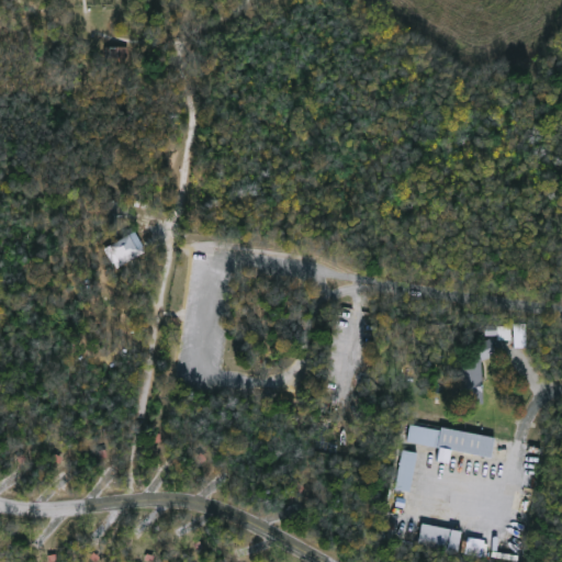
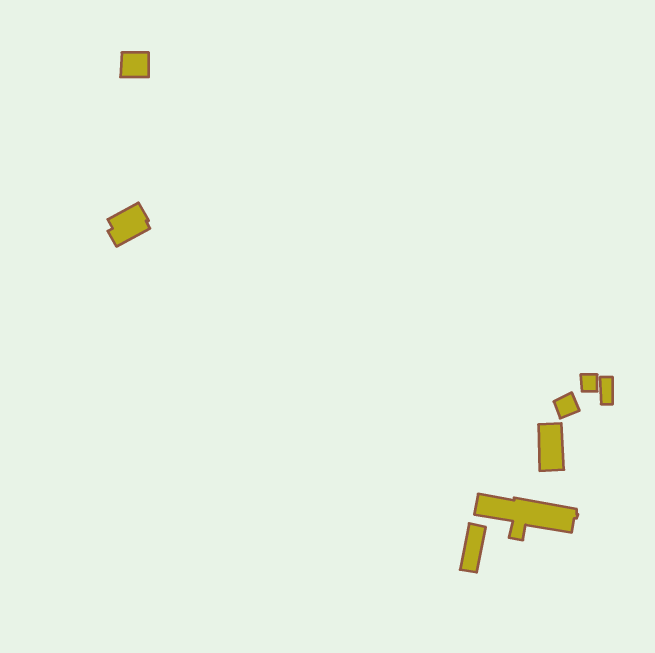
building: [108,232,144,269] -> [108,203,150,246]
building: [416,524,459,551] -> none

